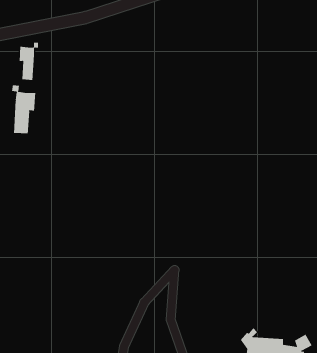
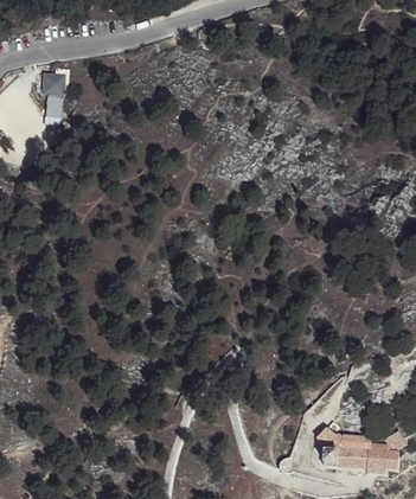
building: [11,84,36,134] -> none

